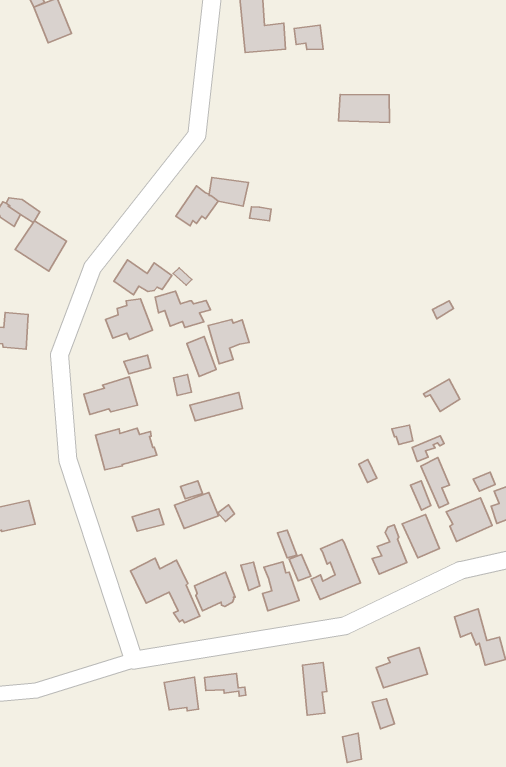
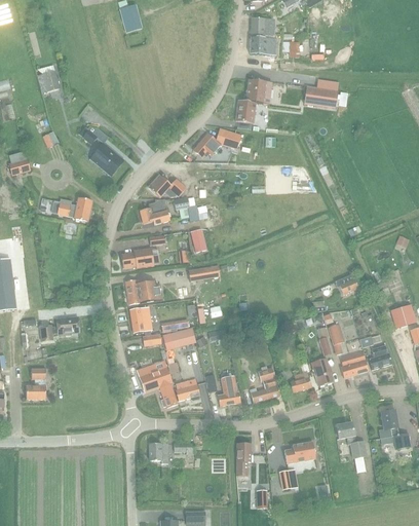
building: none -> [234,78,271,122]
building: [208,320,249,364] -> none
building: none -> [129,307,152,332]

